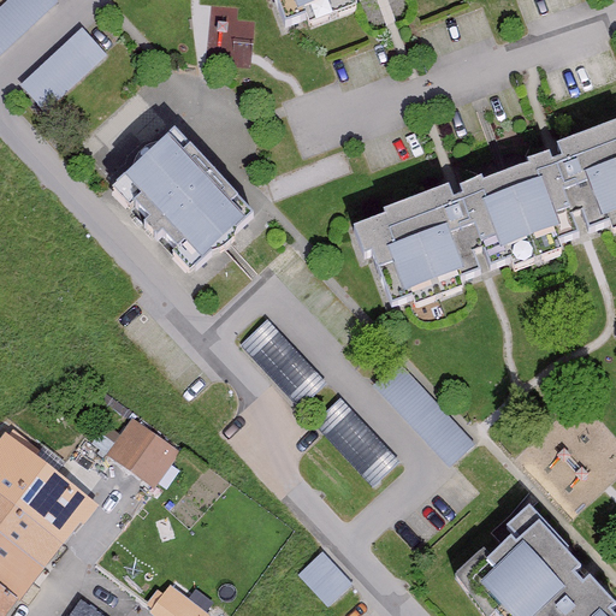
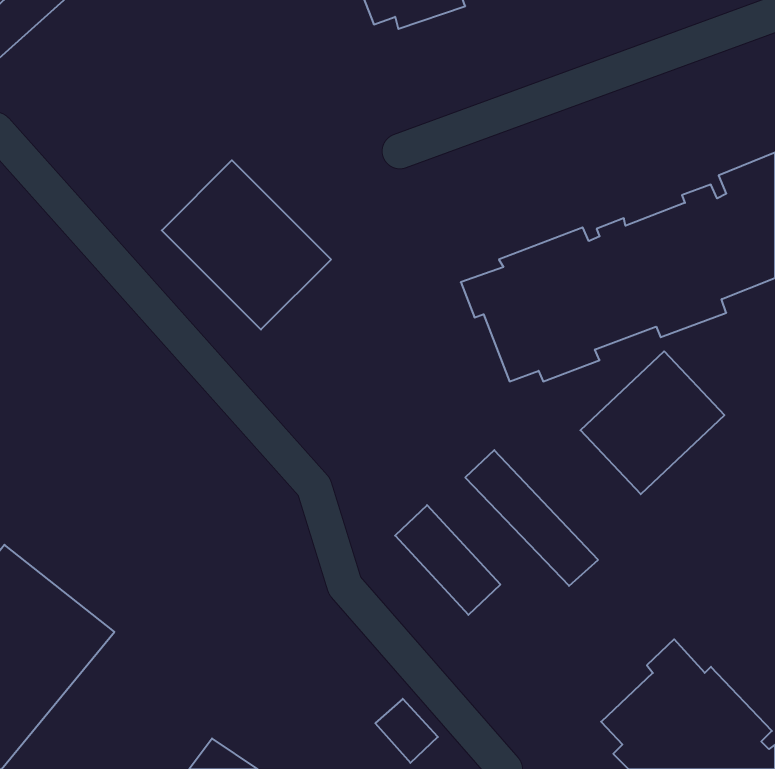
building: [18,26,103,109] -> none
building: none -> [580,351,724,494]
building: [239,318,321,403] -> none
building: [103,414,176,481] -> none

